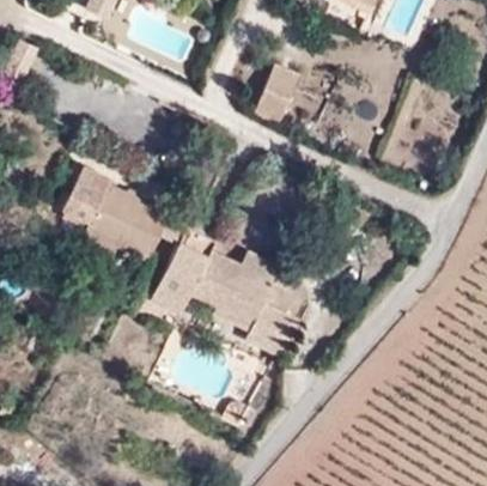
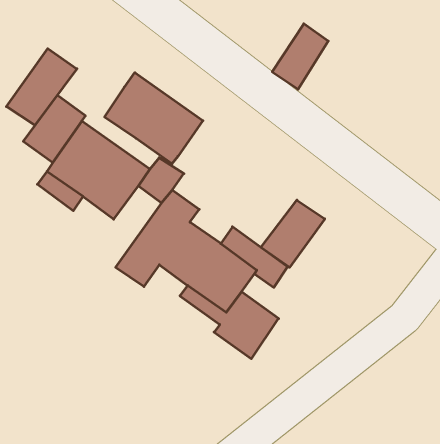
building: none -> [6,49,77,125]
building: none -> [105,73,203,164]
building: none -> [261,200,325,267]

